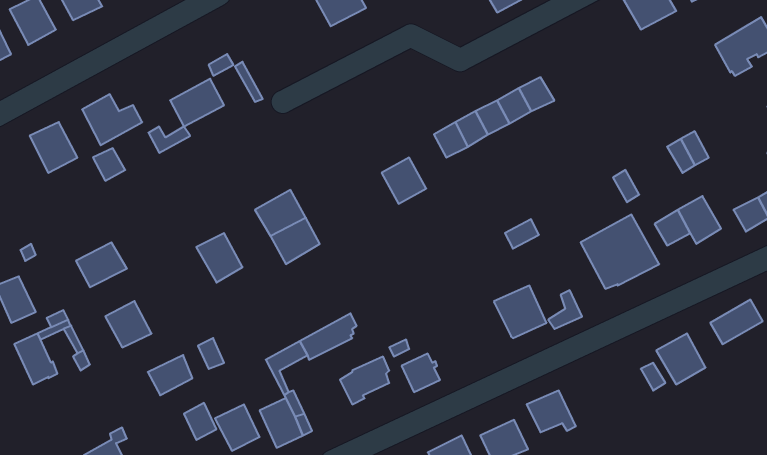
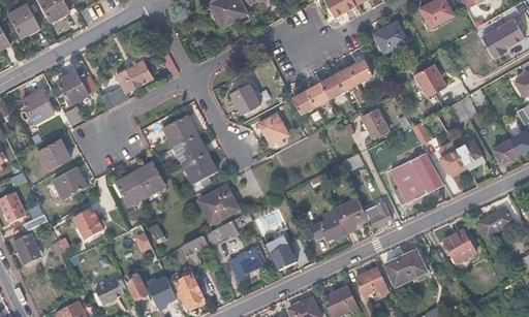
building: none -> [373,20,407,53]
building: none -> [414,63,446,96]
building: none -> [230,83,259,114]
building: none -> [362,108,387,136]
building: none -> [163,116,196,148]
building: none -> [36,138,70,170]
building: none -> [116,172,147,205]
building: none -> [196,187,239,226]
building: none -> [312,210,344,241]
building: [148,355,192,395] -> [93,279,123,306]
building: none -> [384,251,427,284]

